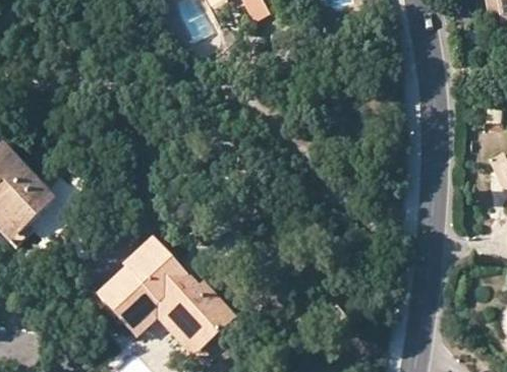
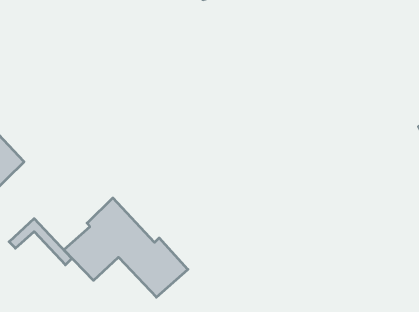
building: [130,302,200,353] -> [9,219,72,265]

